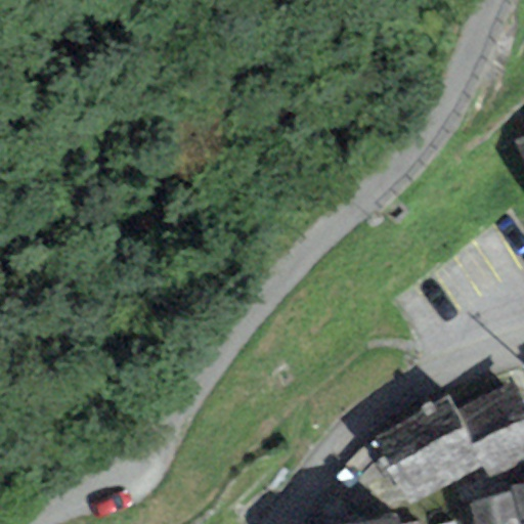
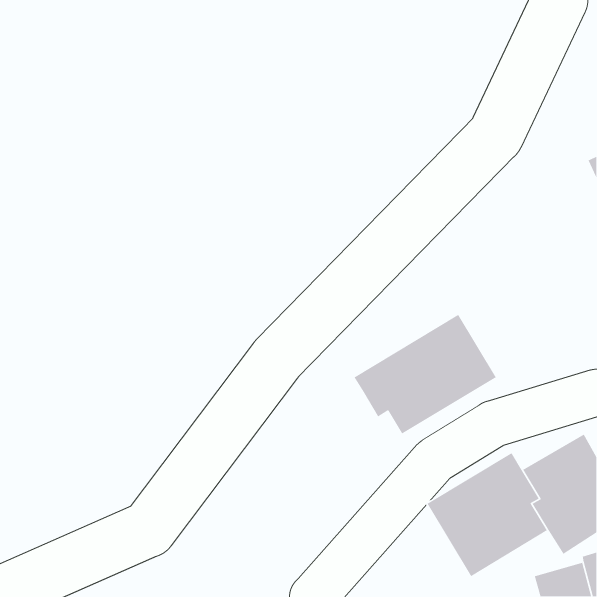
building: none -> [354,314,497,435]

